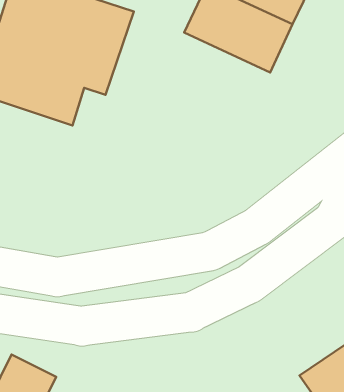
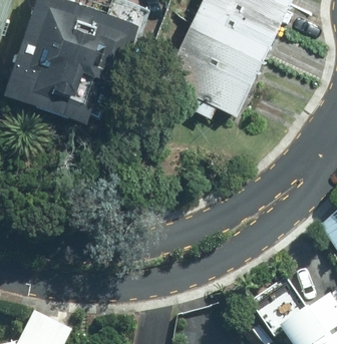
building: none -> [163,34,255,112]

